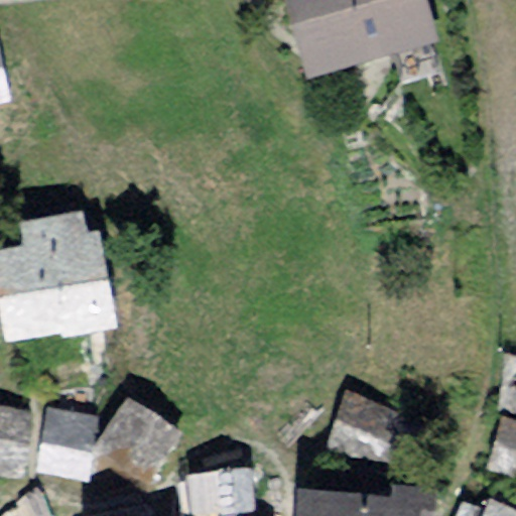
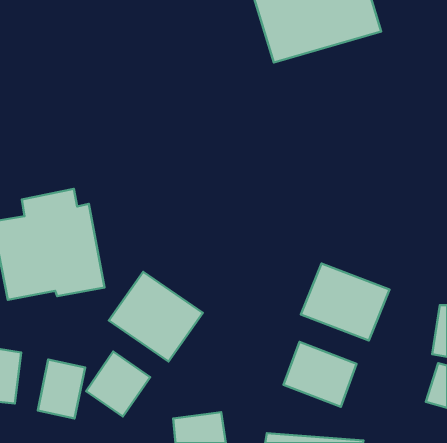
building: none -> [301,263,389,341]
building: none -> [109,272,203,362]

